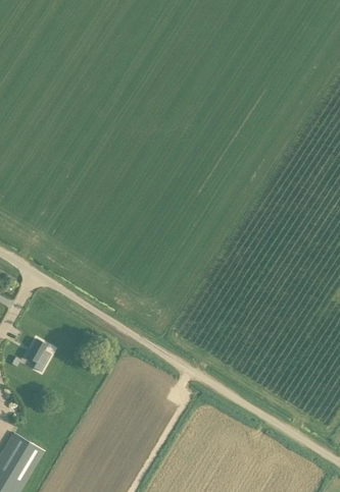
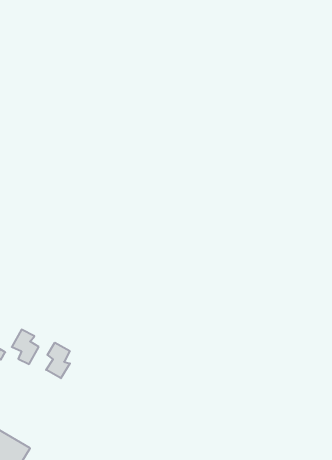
building: none -> [46,343,70,378]

